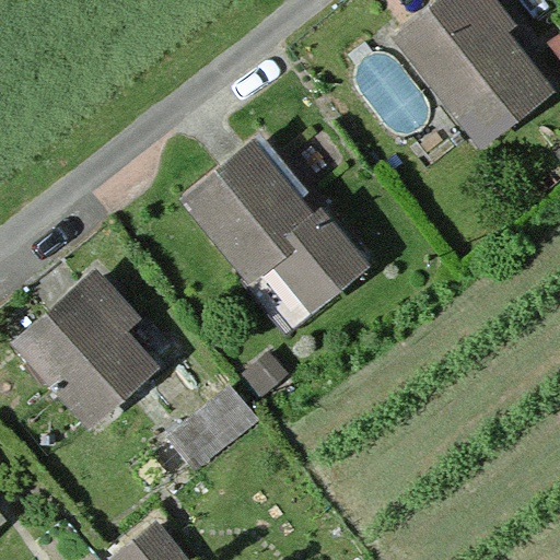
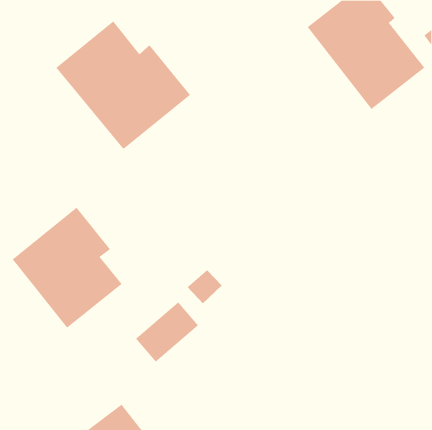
building: none -> [56,21,191,150]
building: [177,128,359,317] -> none

